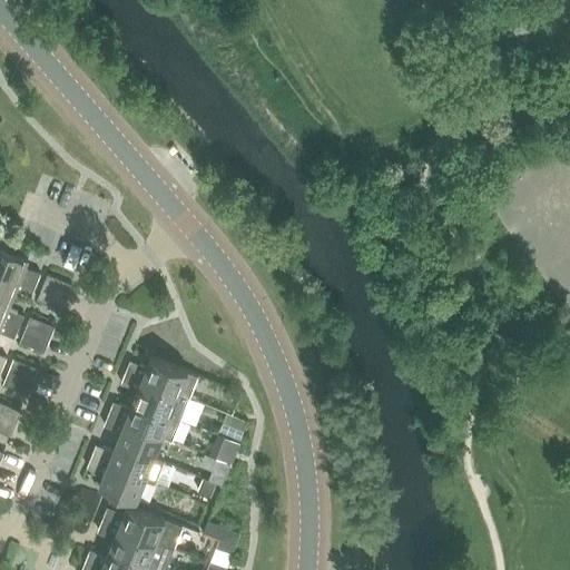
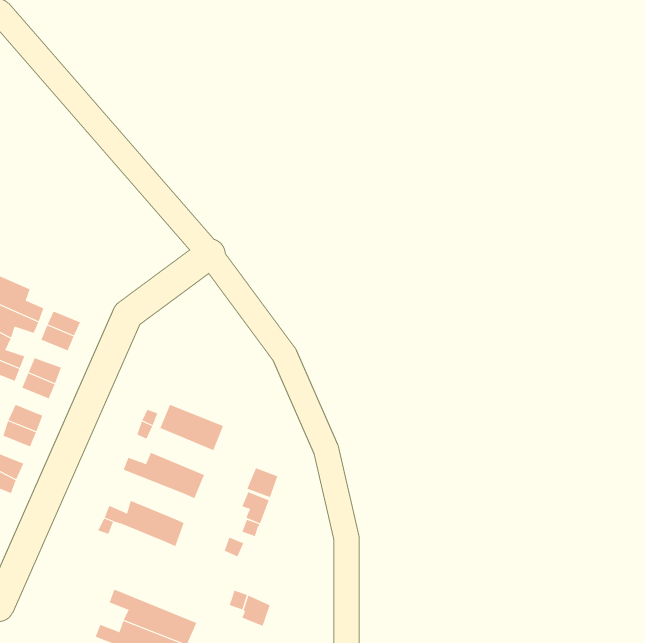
building: [132,380,188,421] -> none
building: [104,416,161,459] -> none
building: [98,464,145,502] -> none
building: [100,505,183,551] -> none

